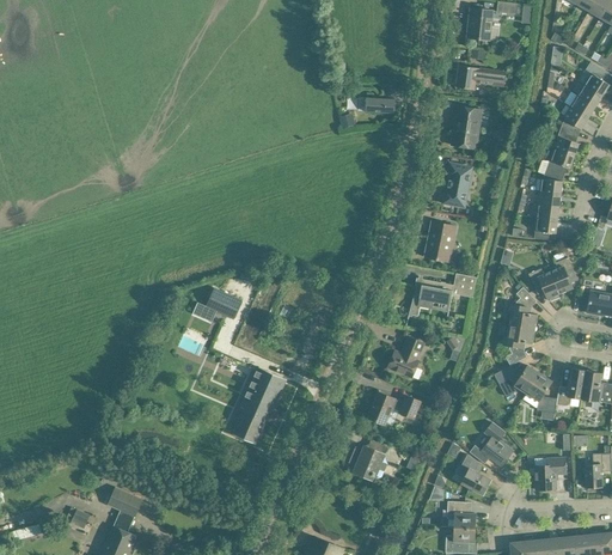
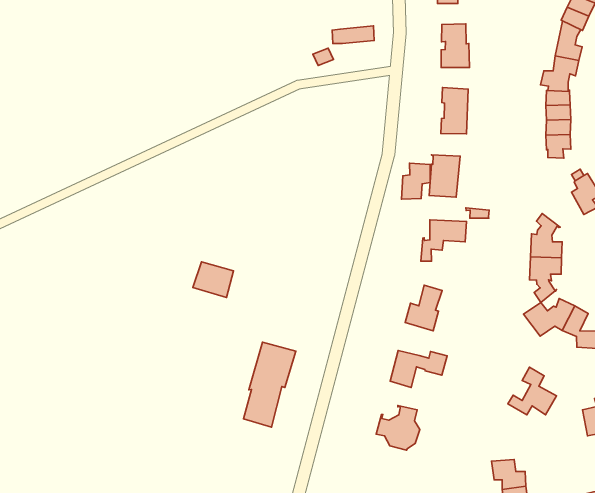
building: none -> [401,163,430,199]
building: [528,268,559,301] -> none
building: [458,455,490,494] -> none

